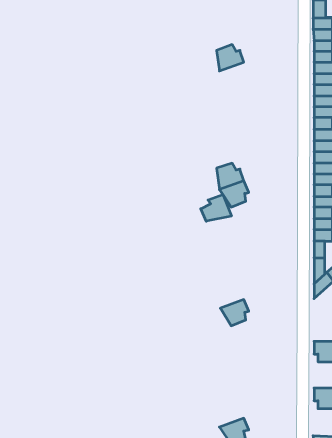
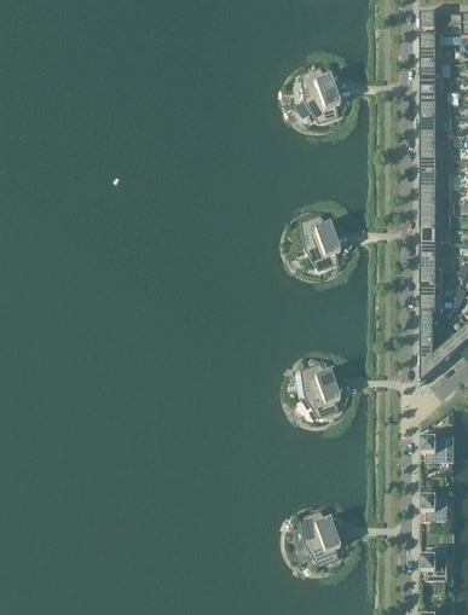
building: none -> [302,89,339,122]
building: [201,195,231,221] -> none
building: none -> [299,362,333,395]
building: none -> [299,510,333,543]

